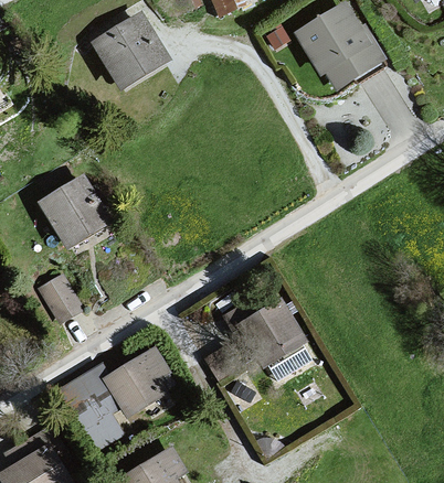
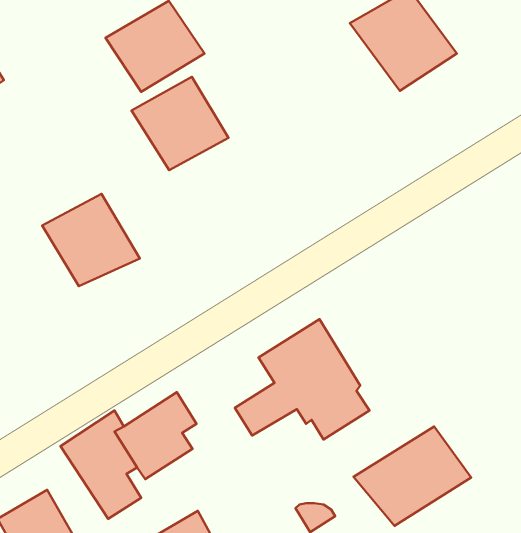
building: none -> [132,77,229,170]
building: [35,268,77,316] -> none
building: none -> [354,427,471,526]

